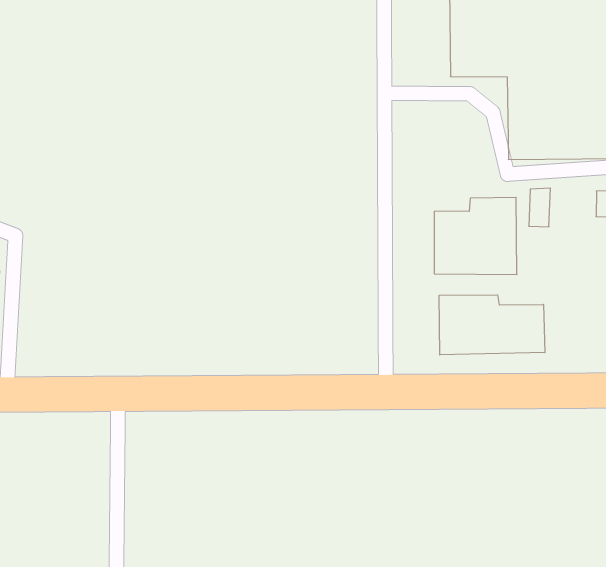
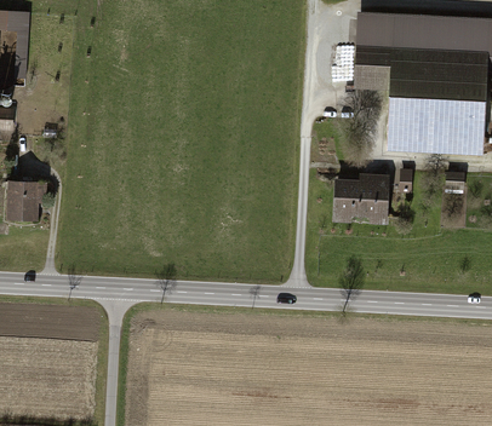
building: [439,295,545,355] -> none

